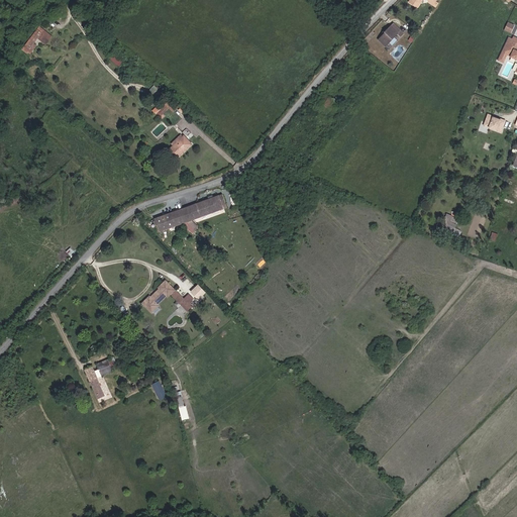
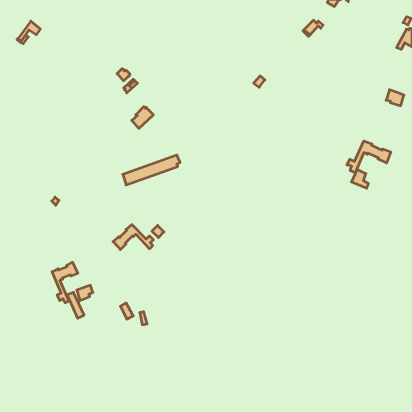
building: none -> [347,141,391,173]
building: none -> [52,262,78,303]

